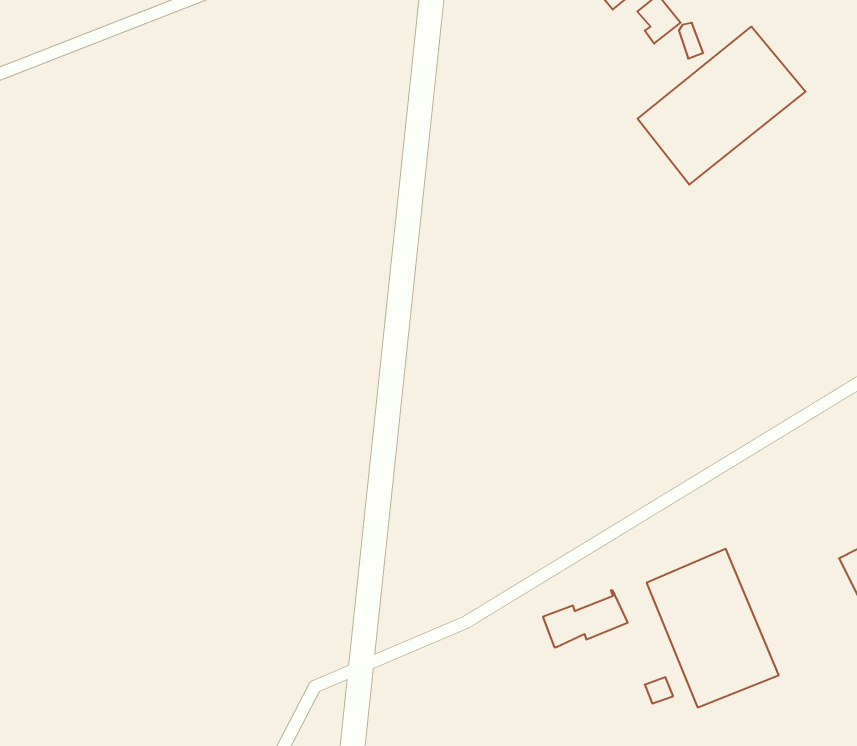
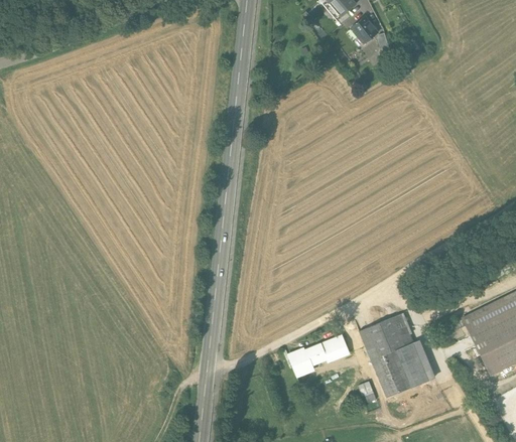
building: [638,27,806,185] -> none
building: none -> [288,348,313,376]

